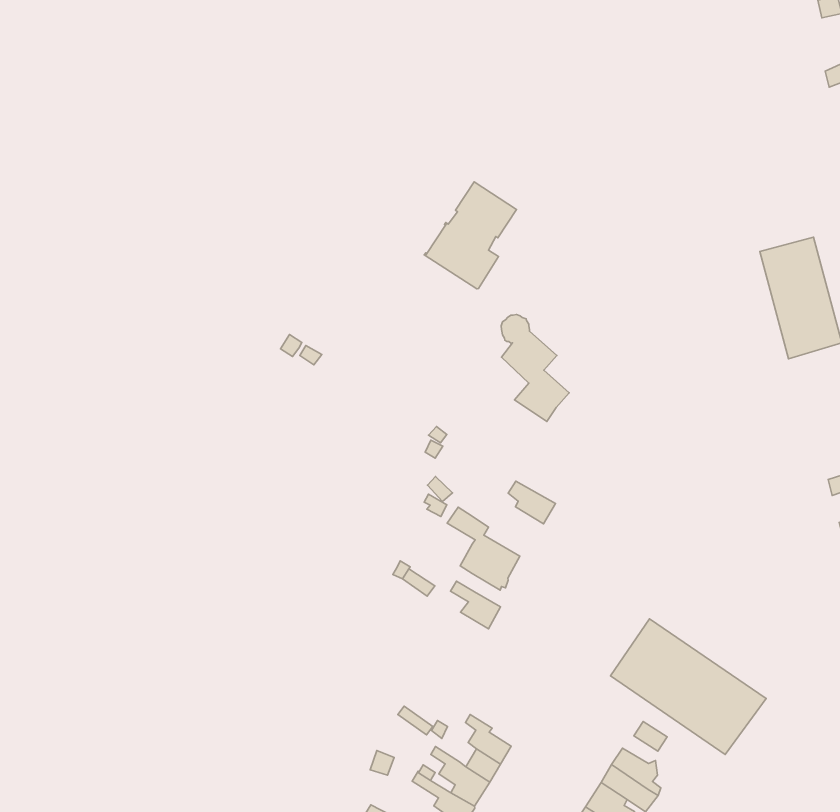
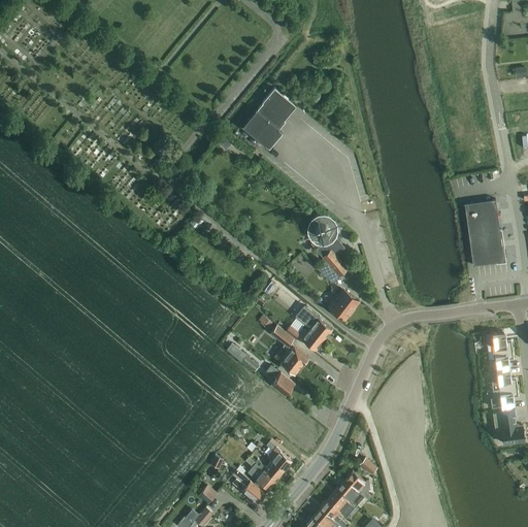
building: [424,182,516,289] -> [241,89,296,149]
building: none -> [328,289,359,320]
building: none -> [285,326,324,351]
building: [611,619,766,754] -> none

